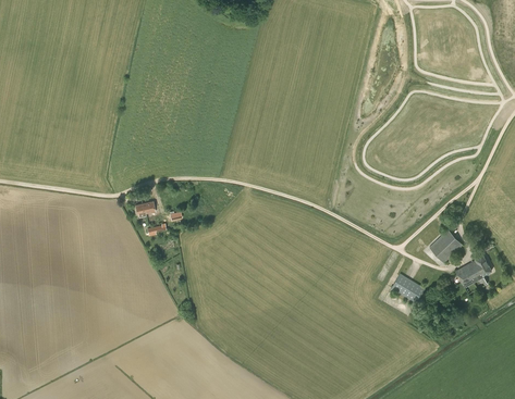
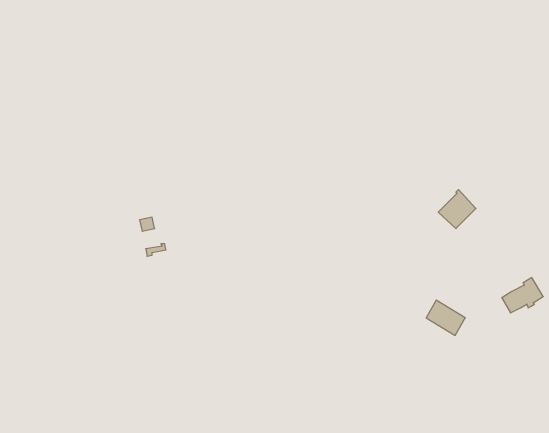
building: [428,228,461,262] -> [438,190,476,229]

